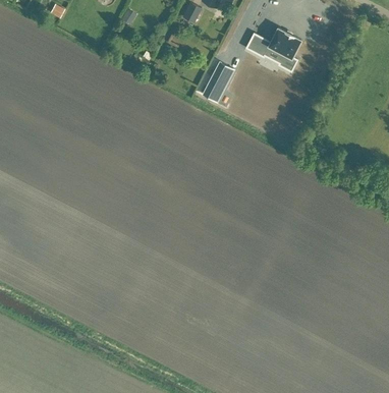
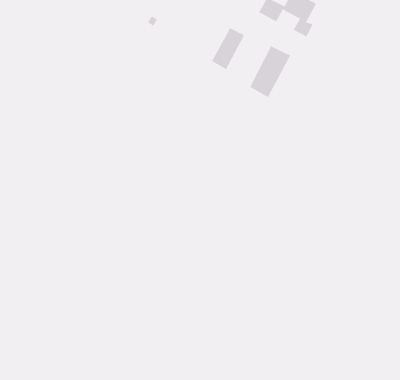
building: none -> [249,45,291,98]

